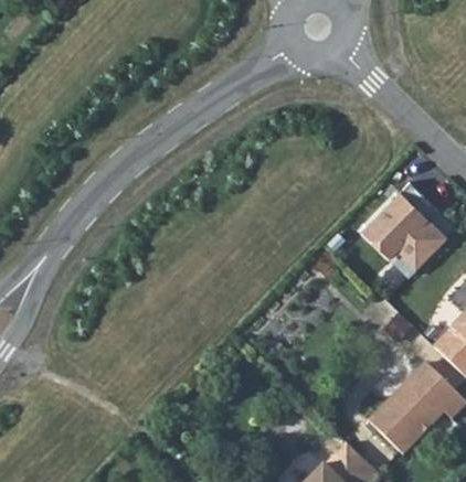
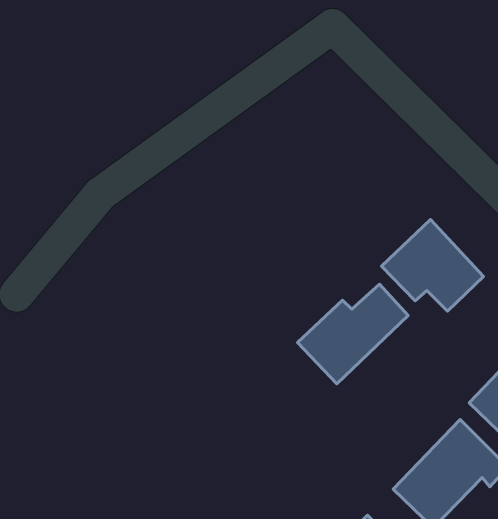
building: none -> [297,284,408,384]

